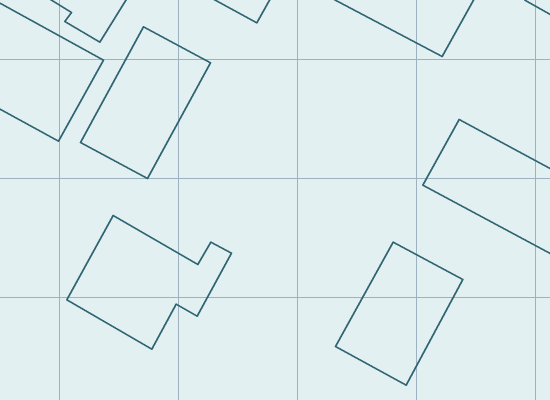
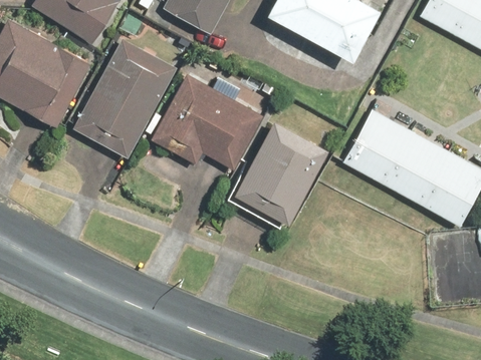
building: none -> [152,75,264,169]
building: [67,215,231,349] -> none
building: [335,242,463,385] -> [226,117,325,229]

